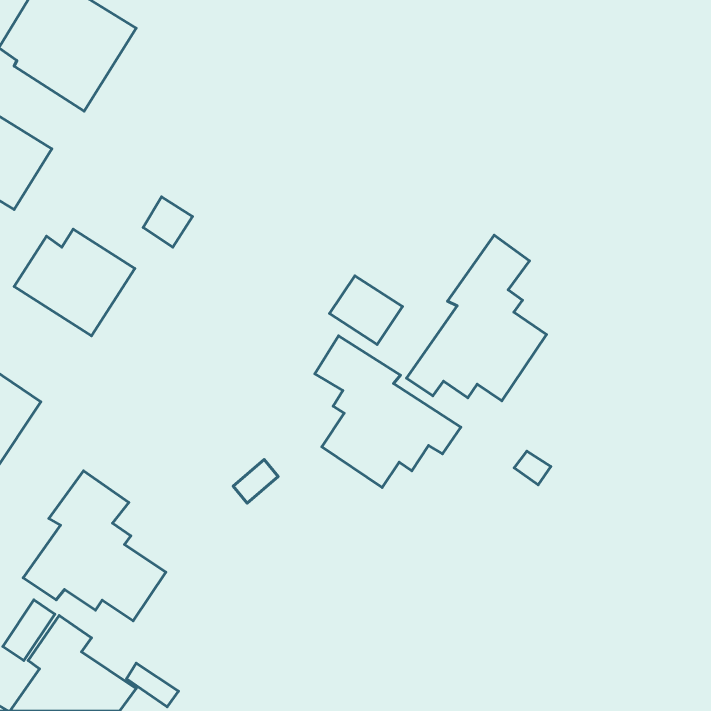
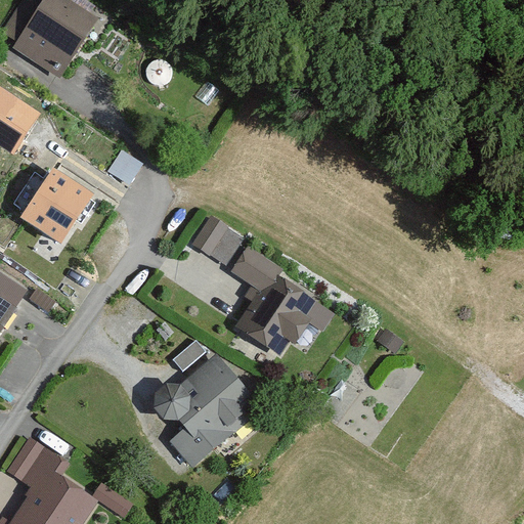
building: [406,235,547,401] -> none
building: [330,276,403,345] -> [188,215,242,265]
building: [23,471,166,621] -> none
building: none -> [151,352,263,468]

